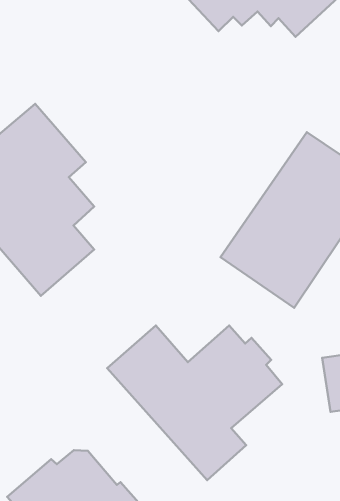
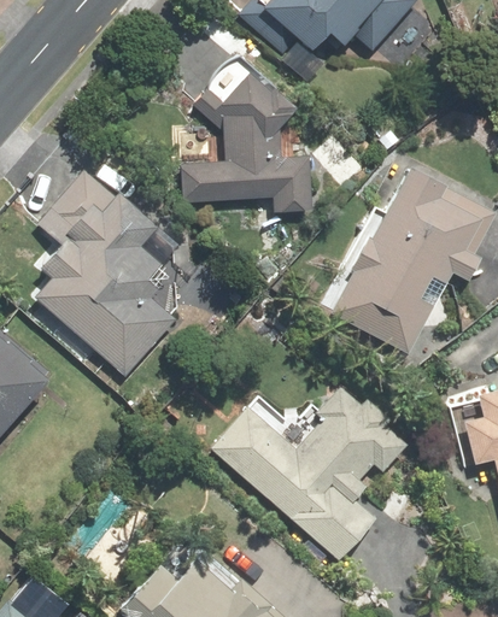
building: none -> [178,53,315,221]

